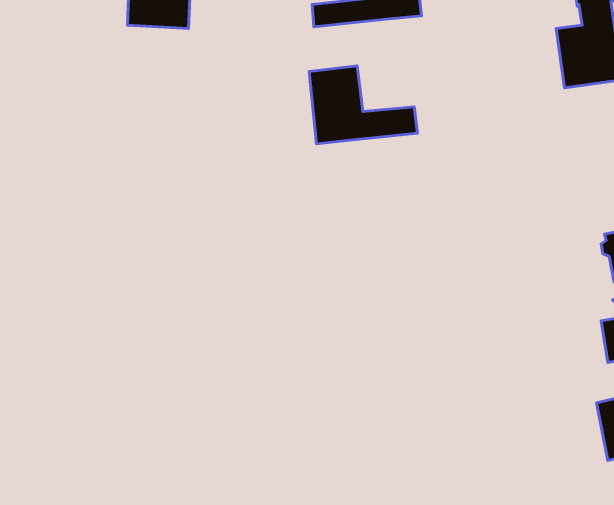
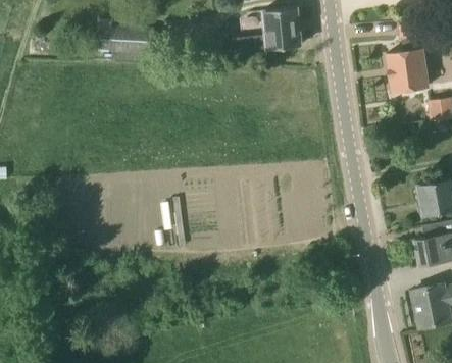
building: [309,66,418,144] -> none

